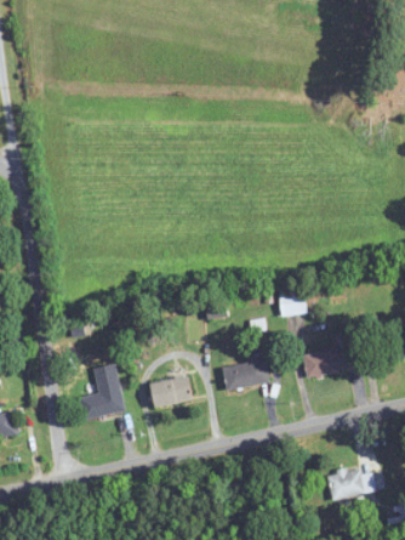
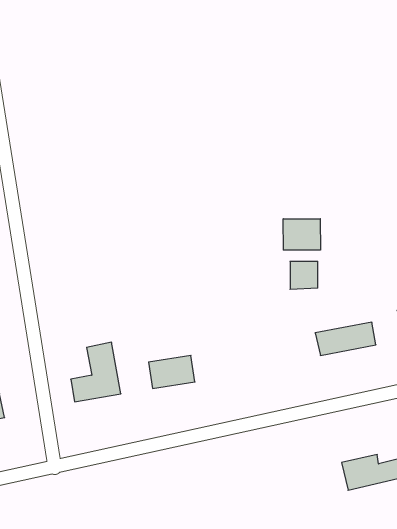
building: none -> [283,219,320,250]
building: [223,359,269,391] -> none

